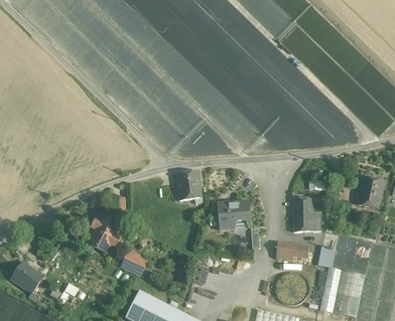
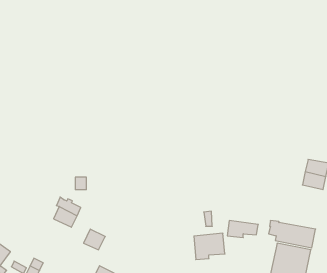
building: [174,171,202,200] -> none
building: [292,198,319,232] -> none
building: [217,201,250,229] -> [194,233,225,260]

